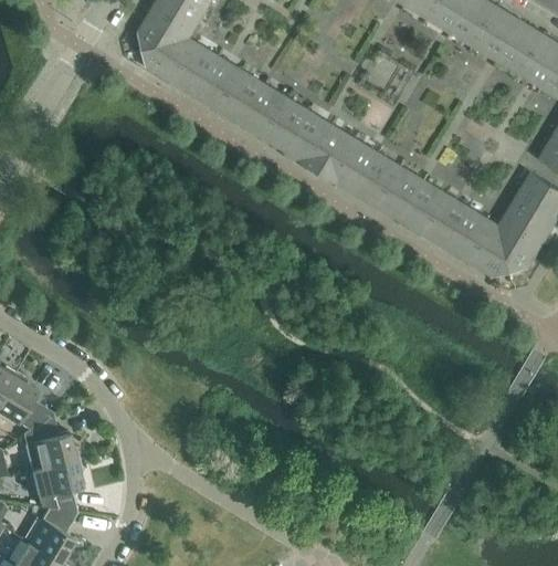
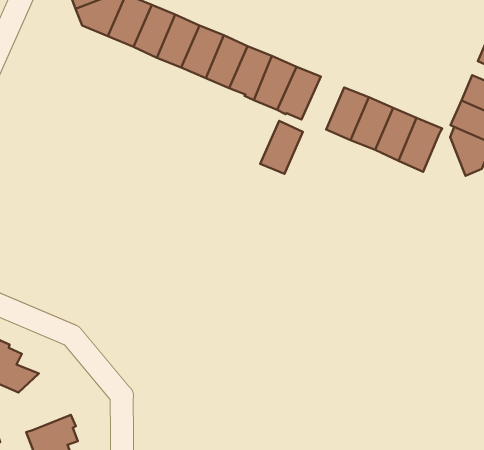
building: [352,151,400,206] -> [260,121,303,174]
building: [467,226,509,276] -> none
building: [23,411,78,469] -> none

